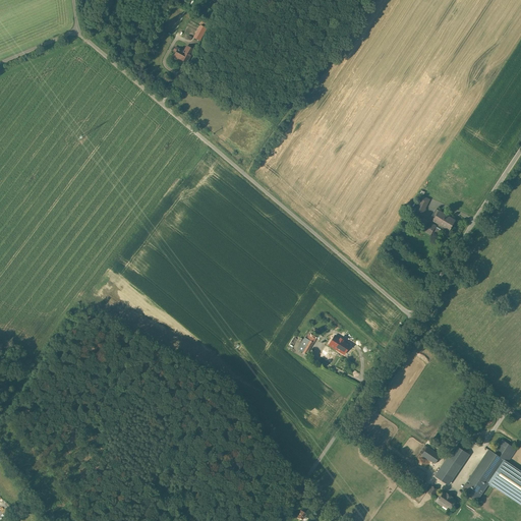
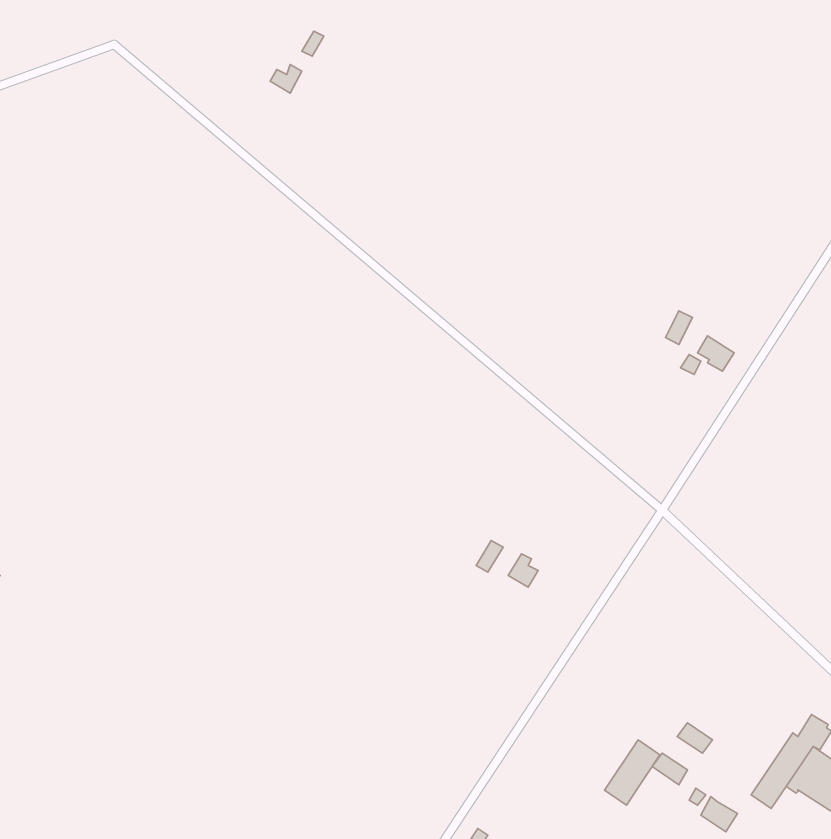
building: [436,445,469,484] -> [605,740,660,805]

